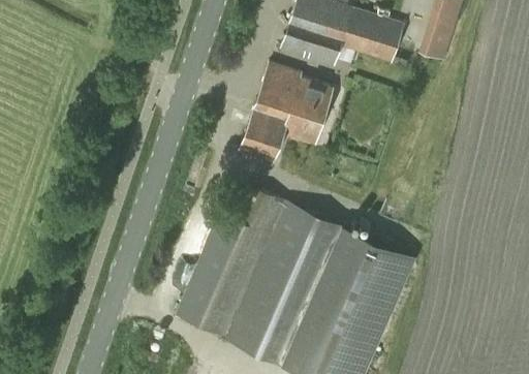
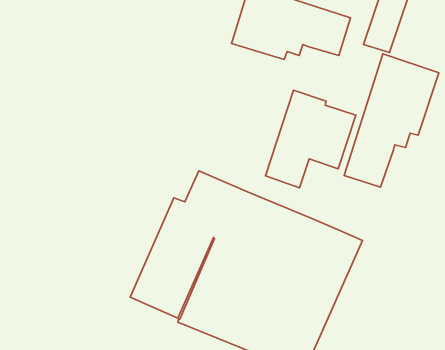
building: none -> [344,54,439,187]
building: [240,63,334,164] -> [266,90,356,188]

